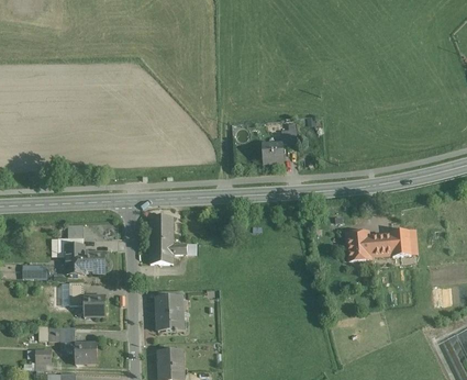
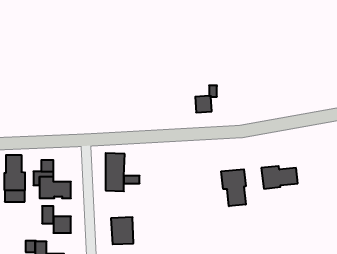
building: none -> [4,155,25,190]
building: [390,230,411,256] -> none
building: none -> [221,169,246,206]

